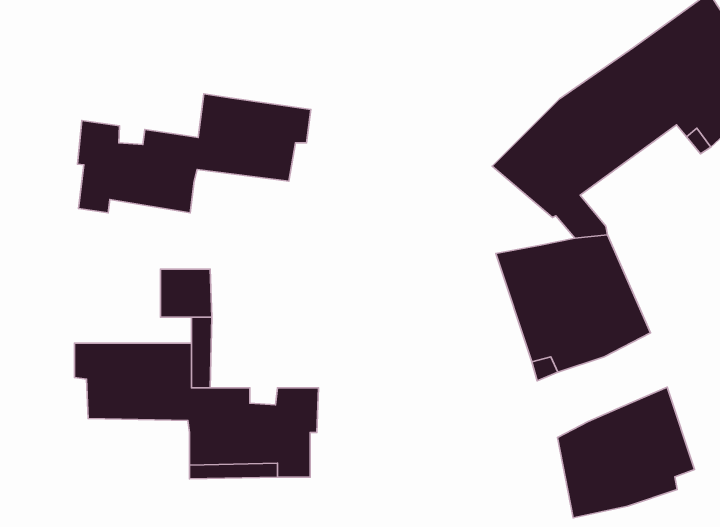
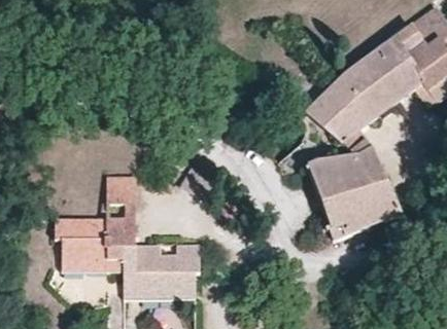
building: [78,94,311,213] -> none
building: [557,387,695,518] -> none

